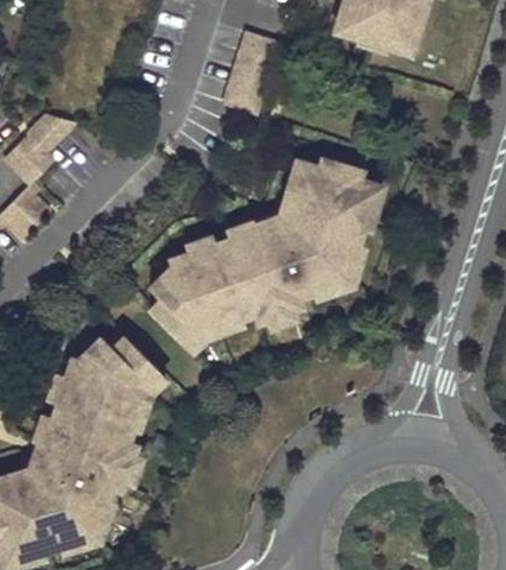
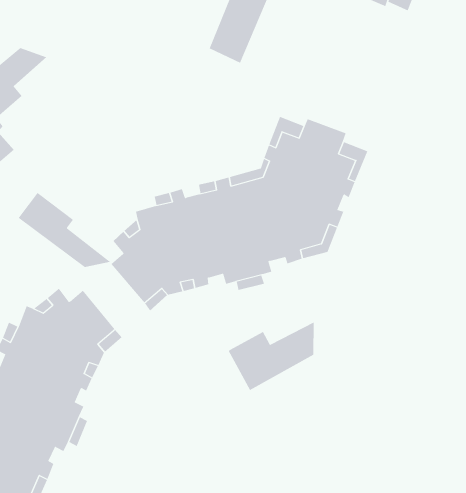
building: none -> [18,192,111,268]
building: none -> [228,322,314,391]

